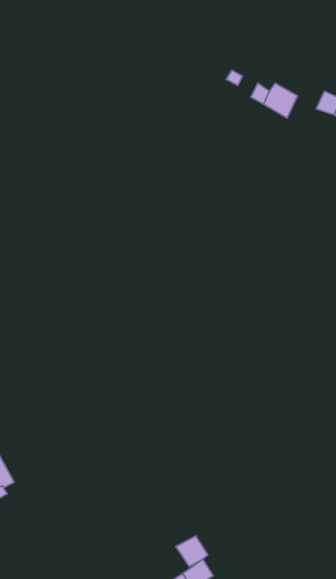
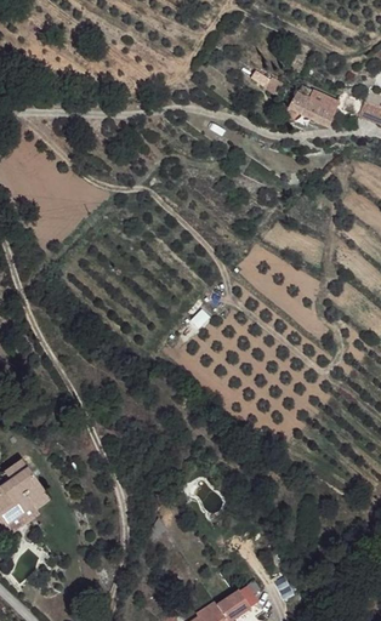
building: [176,536,208,566] -> none

